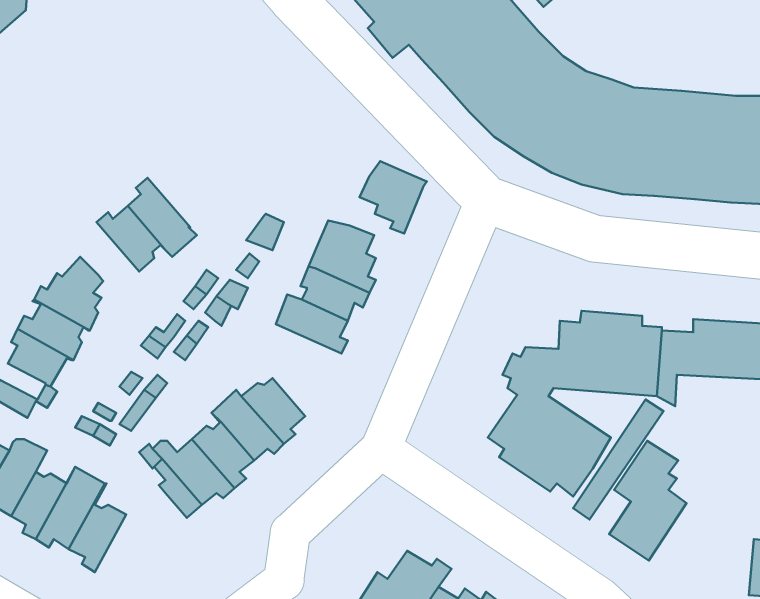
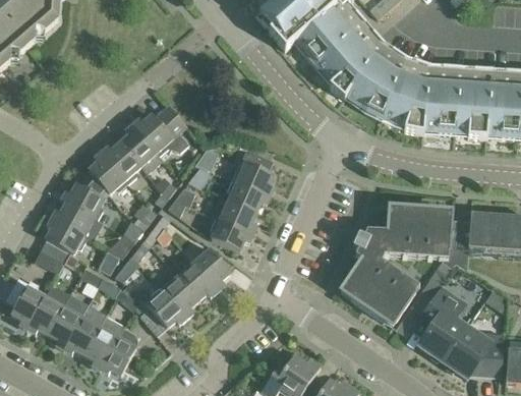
building: none -> [132,106,188,155]
building: [359,161,427,234] -> none
building: none -> [89,152,127,193]
building: none -> [211,215,252,250]
building: none -> [100,326,136,375]
building: none -> [443,326,503,378]

